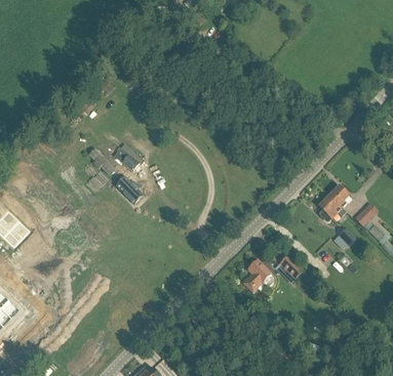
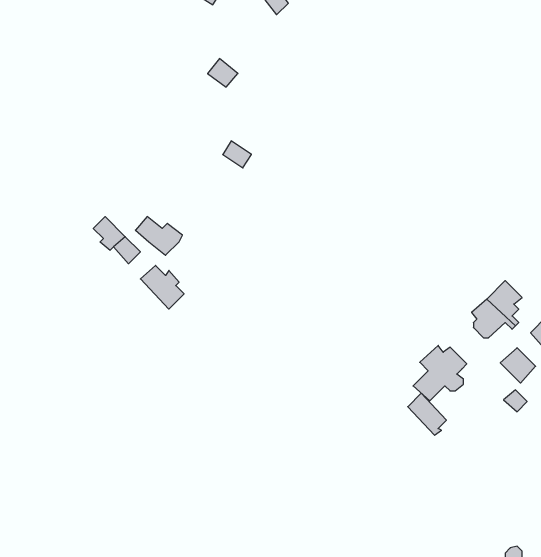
building: [242,258,275,292] -> [413,345,467,401]

